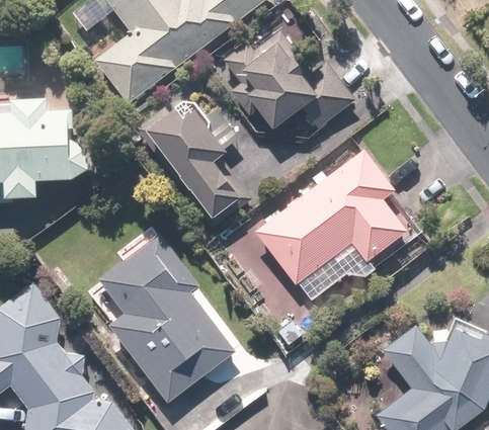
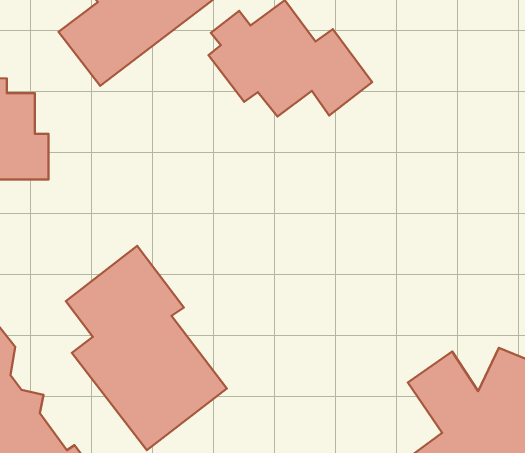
building: [142,96,243,219] -> none
building: [253,148,411,302] -> none

